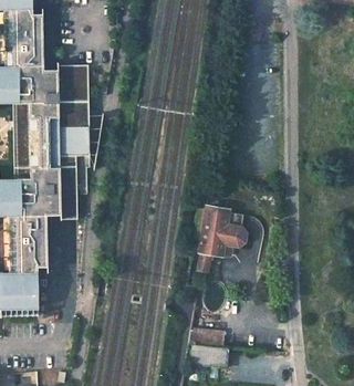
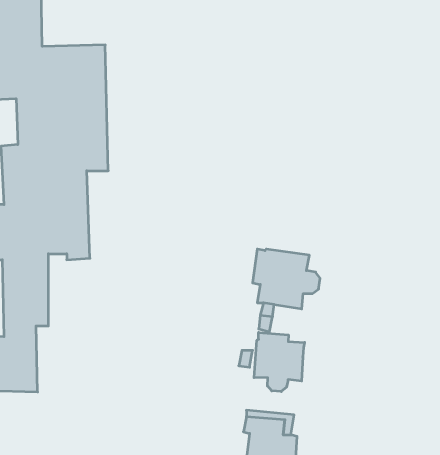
building: none -> [254,332,305,392]

